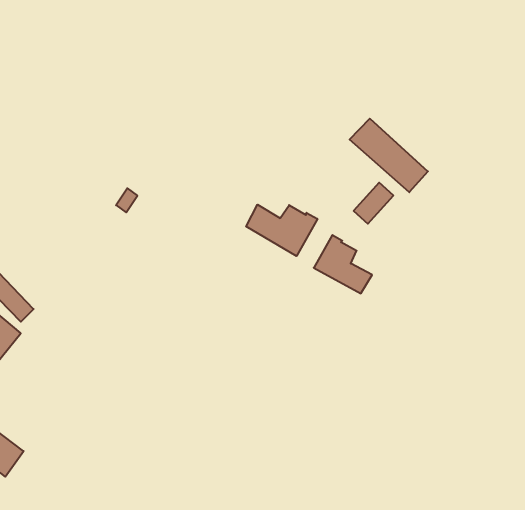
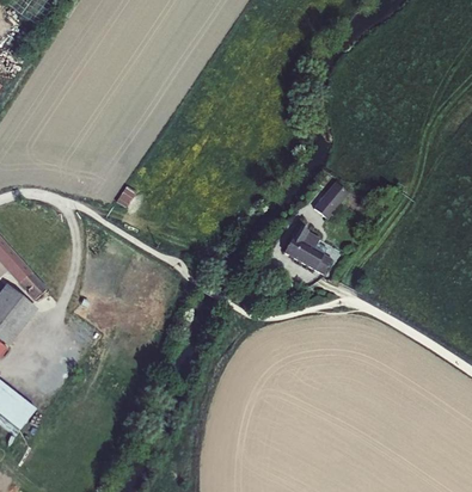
building: [350,119,428,192] -> none
building: [246,205,317,256] -> none

